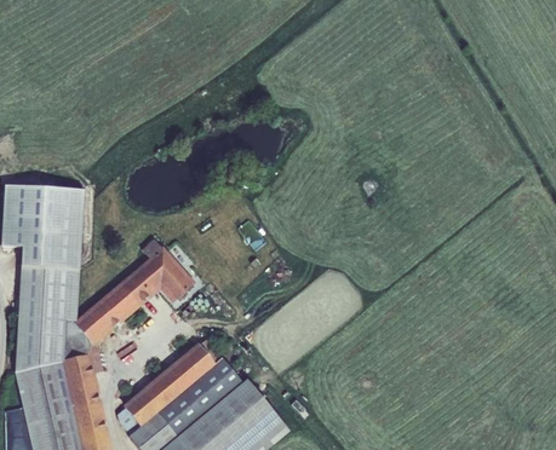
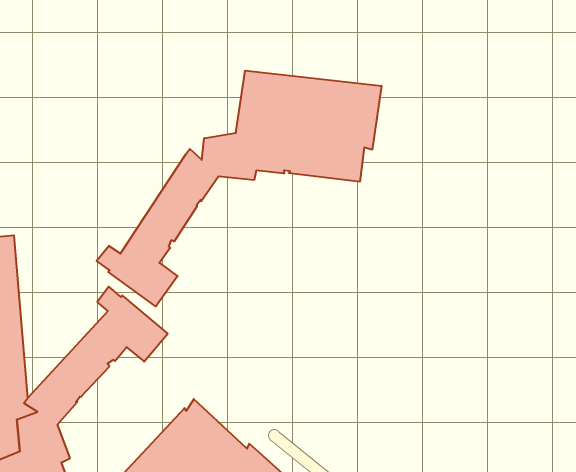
building: none -> [97,71,381,306]

